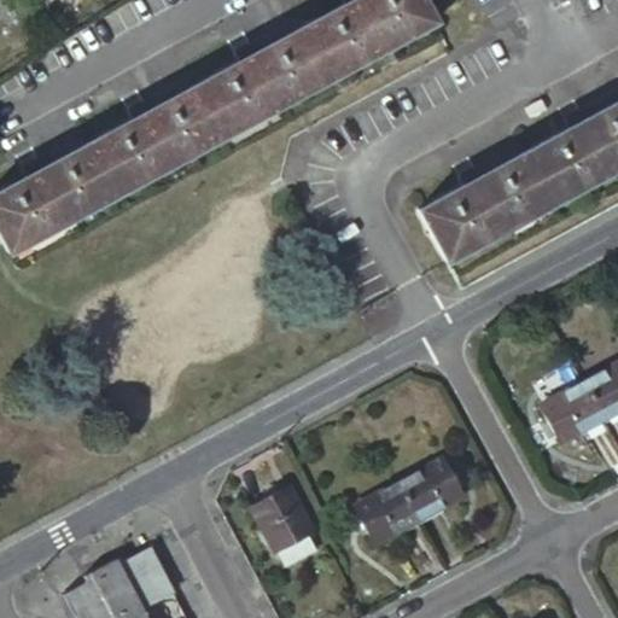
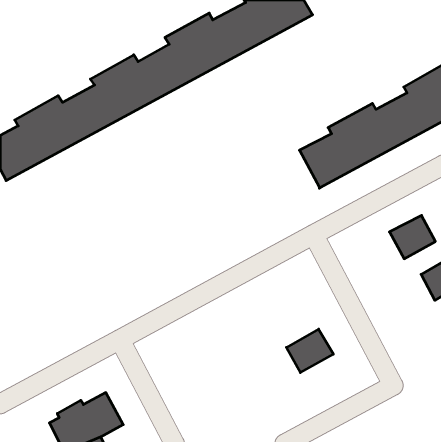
building: [544,384,608,444] -> [389,215,435,259]
building: [358,485,421,544] -> none
building: [255,486,316,566] -> none

